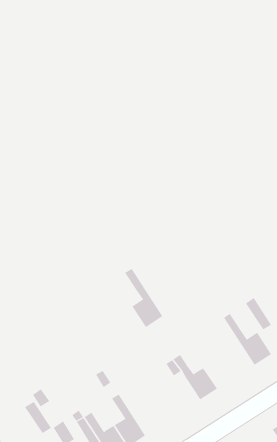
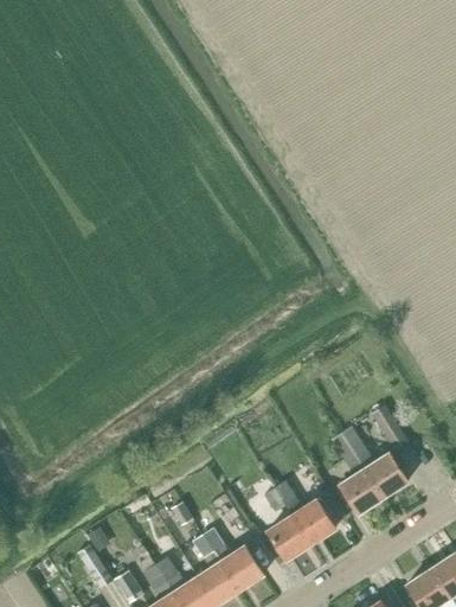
building: [124,268,163,328] -> [332,433,384,512]
building: none -> [268,515,312,560]
building: none -> [204,528,263,590]

